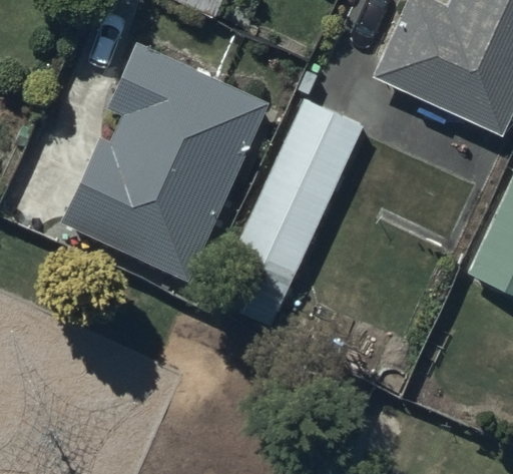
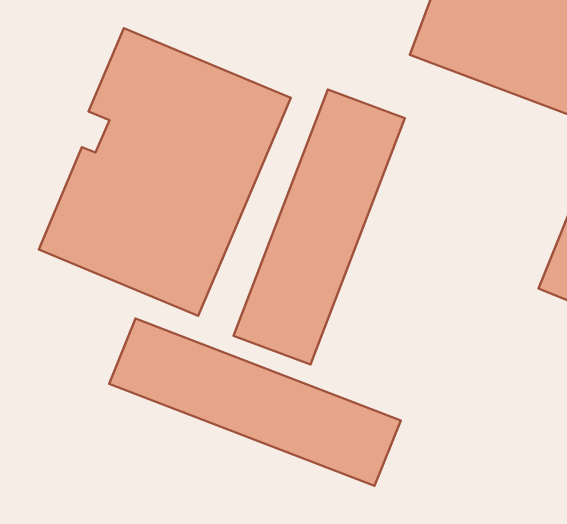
building: none -> [109,318,401,486]

